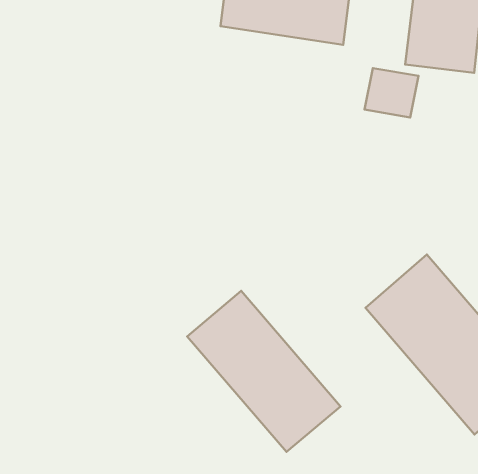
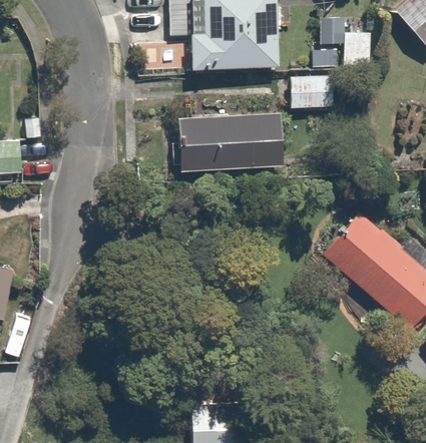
building: none -> [177,102,274,168]
building: [187,291,340,452] -> none

